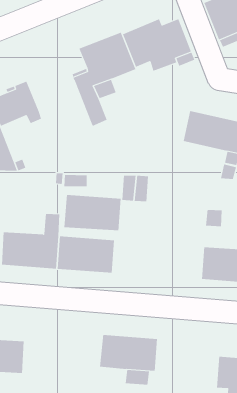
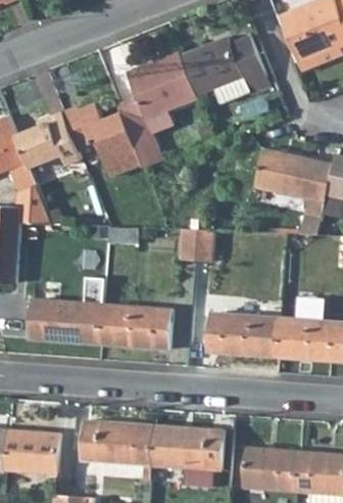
building: none -> [63,103,142,178]
building: [64,194,122,231] -> [209,312,281,357]
building: none -> [84,420,155,481]
building: none -> [244,448,299,491]

